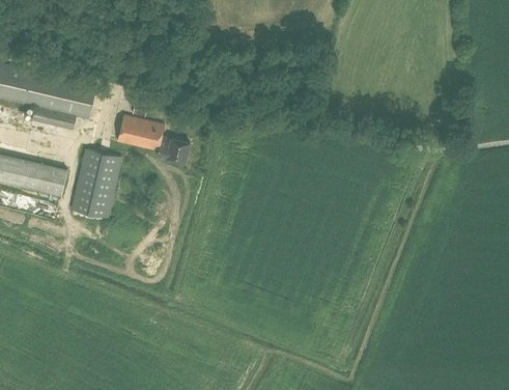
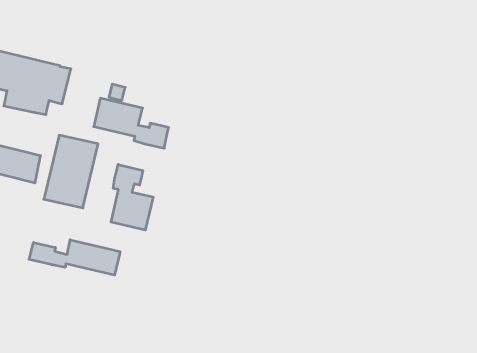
building: none -> [111,164,153,230]
building: none -> [29,240,120,275]

